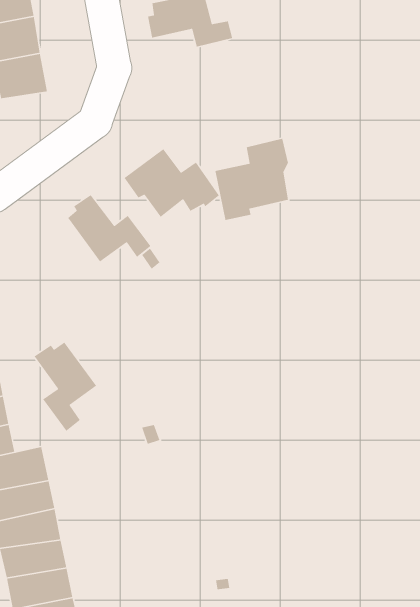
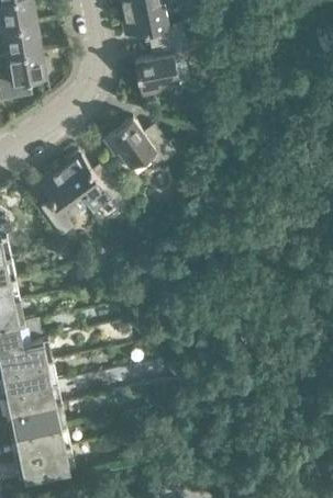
building: [215,138,289,221] -> [133,39,188,101]
building: [33,341,97,432] -> [37,172,85,239]

